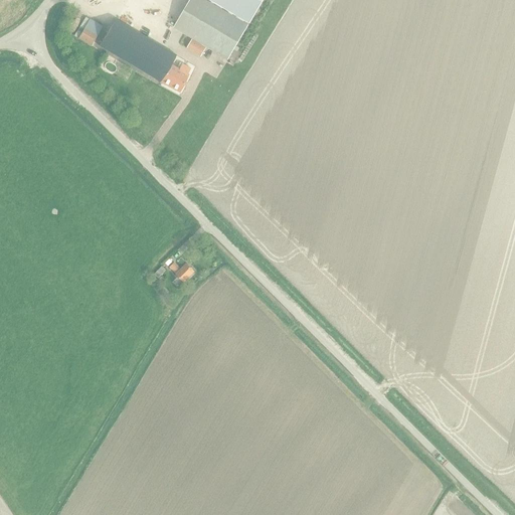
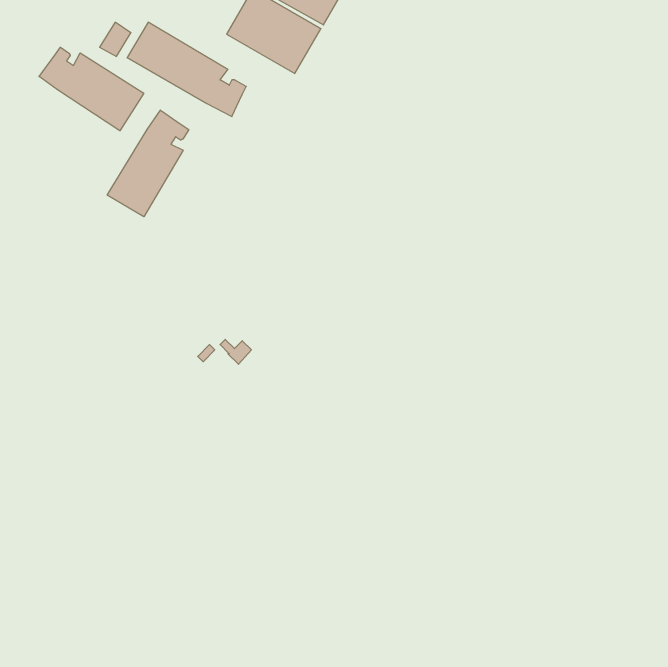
building: none -> [39,47,144,131]
building: none -> [107,110,189,217]

